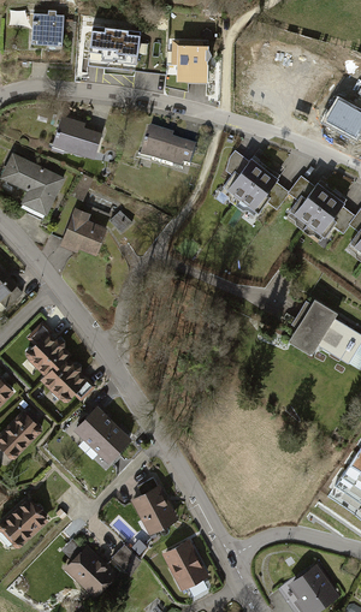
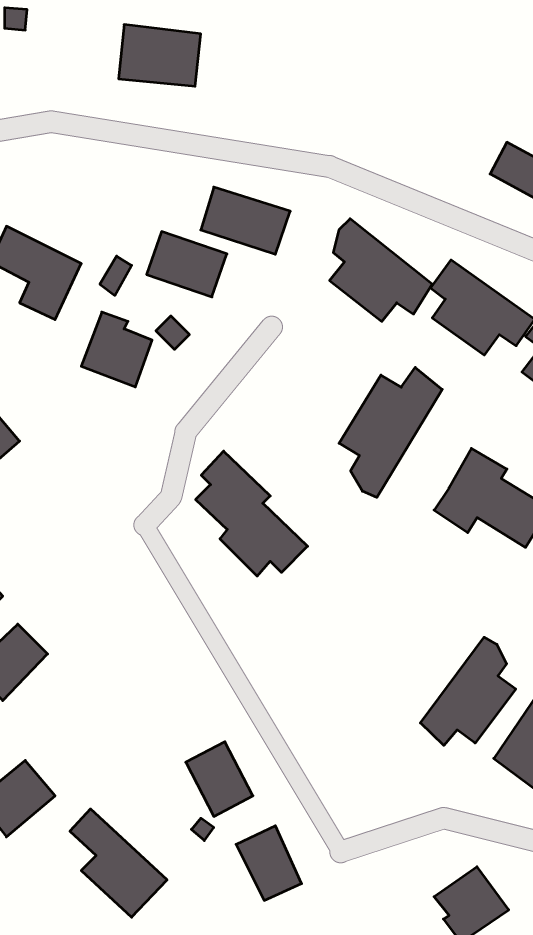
building: [32,13,66,47] -> none
building: [172,43,205,77] -> none
building: [52,117,103,159] -> [147,232,227,297]
building: none -> [339,367,442,497]
building: [26,323,99,404] -> [196,451,308,576]
building: [71,406,129,463] -> none
building: none -> [420,637,516,745]

